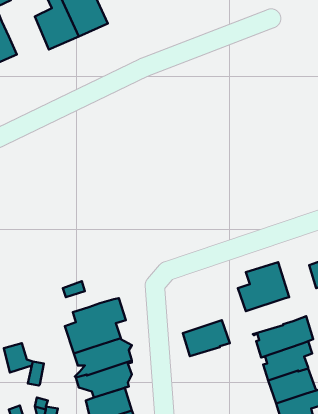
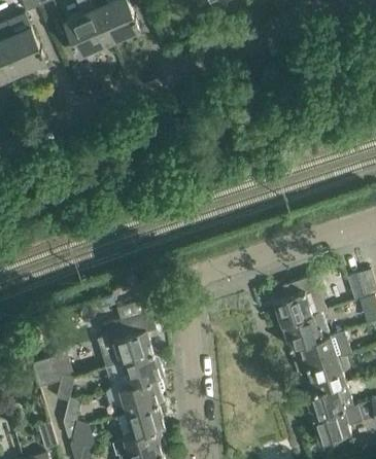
building: [183,320,230,356] -> [282,312,331,349]

